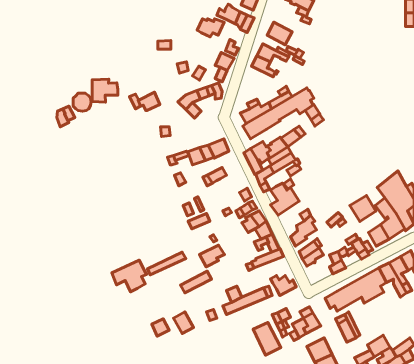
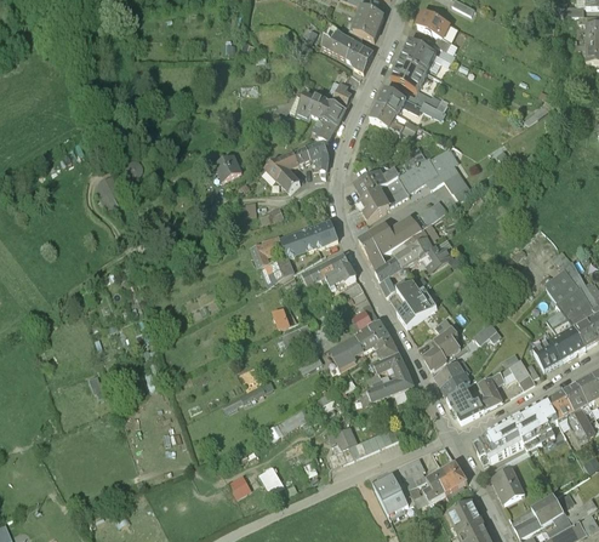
building: none -> [401,38,437,69]
building: [197,19,224,37] -> [290,93,327,119]
building: [92,79,118,102] -> none
building: none -> [326,252,356,285]
building: [350,196,376,222] -> none
building: [199,245,224,267] -> [330,337,365,367]
building: [112,260,146,292] -> none
building: [270,275,296,295] -> [447,393,484,421]

